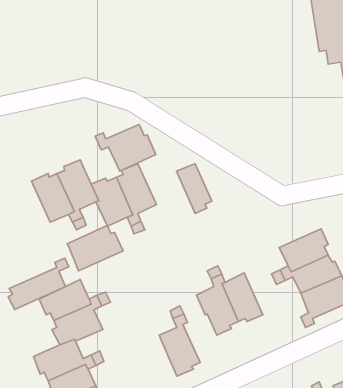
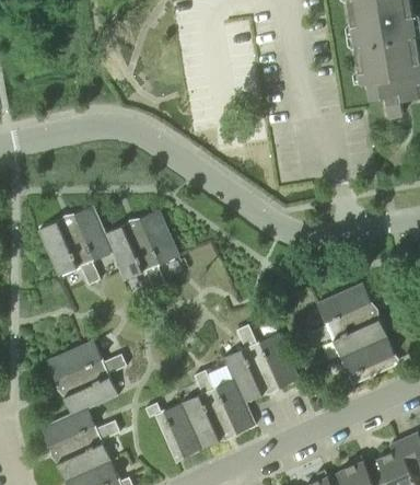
building: [95,124,156,171] -> none
building: [176,164,212,214] -> none
building: [67,225,123,271] -> none
building: [8,258,69,309] -> none
building: none -> [208,378,256,432]
building: none -> [144,402,201,457]

